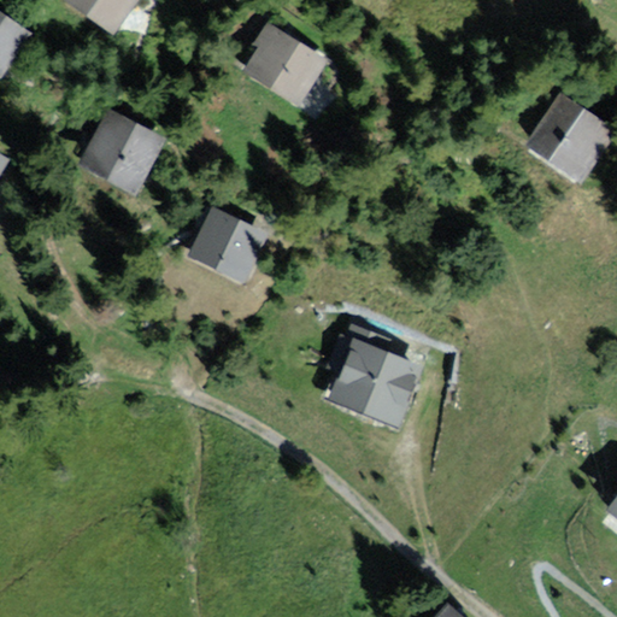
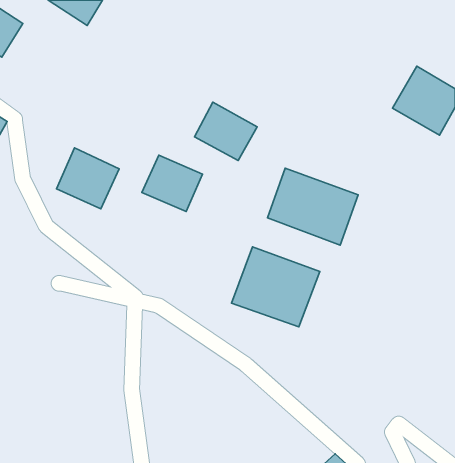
building: [243,25,327,102] -> [195,102,257,160]
building: [81,112,164,193] -> [56,148,119,209]
building: none -> [268,168,358,245]

